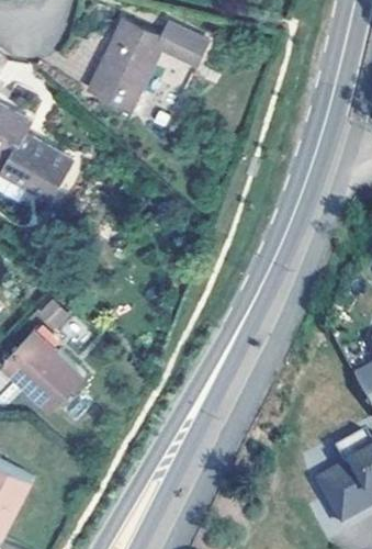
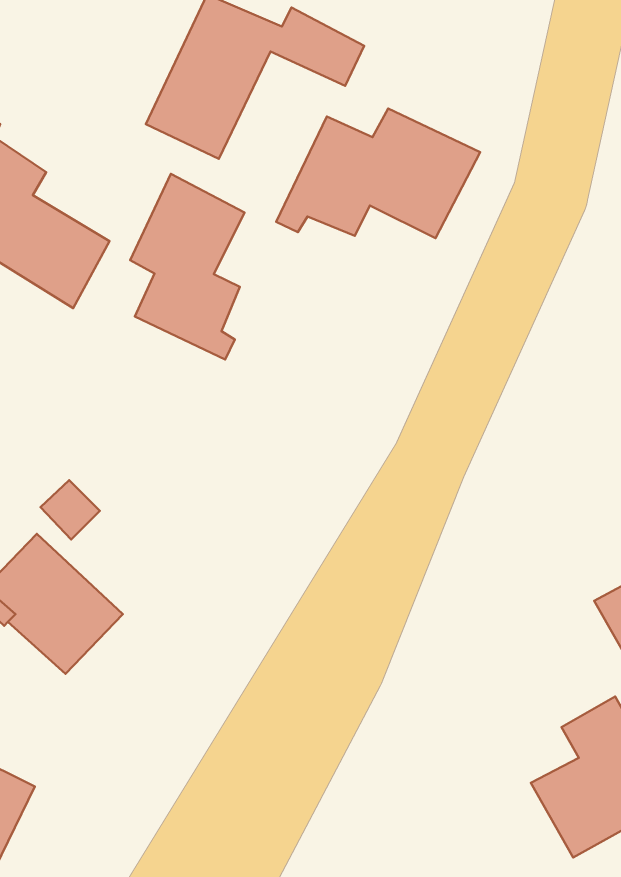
building: none -> [276,109,480,238]
building: none -> [130,174,244,360]

